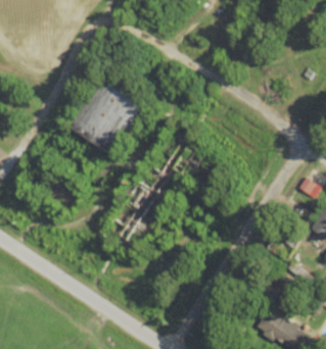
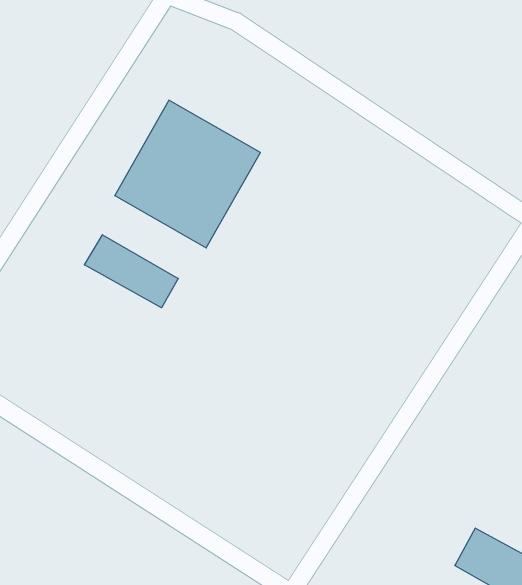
building: none -> [84,235,178,308]

